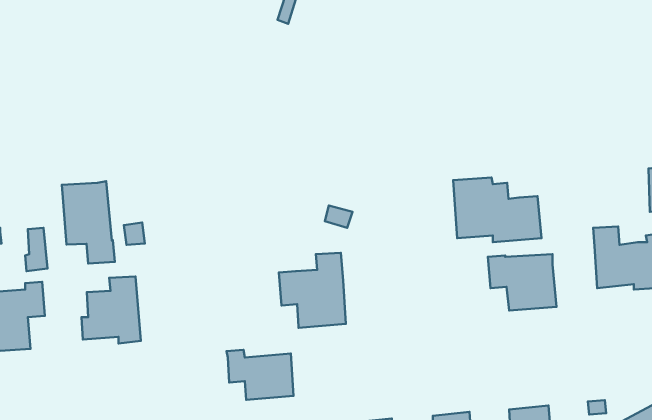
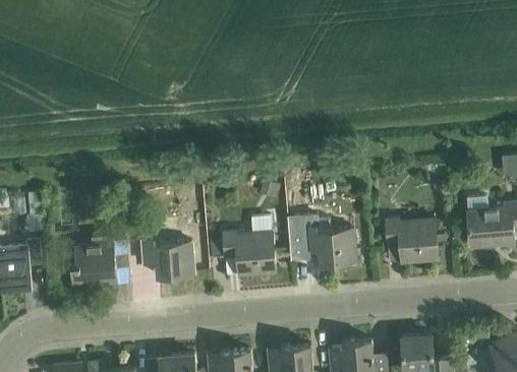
building: [453,178,541,242] -> [288,215,356,265]
building: [62,181,115,264] -> none
building: [226,350,294,400] -> [141,240,193,278]

